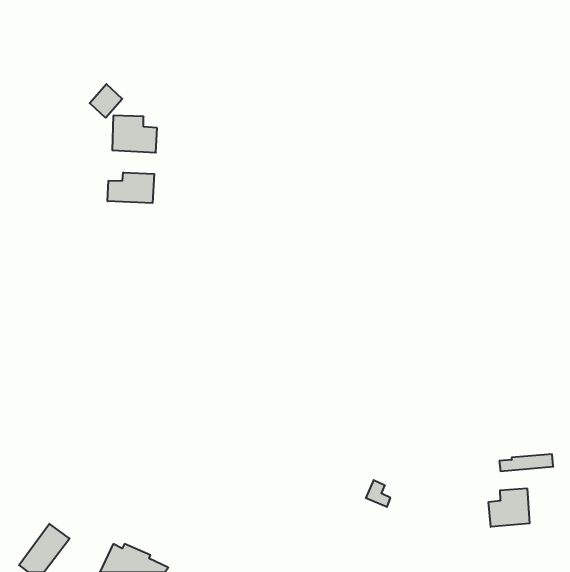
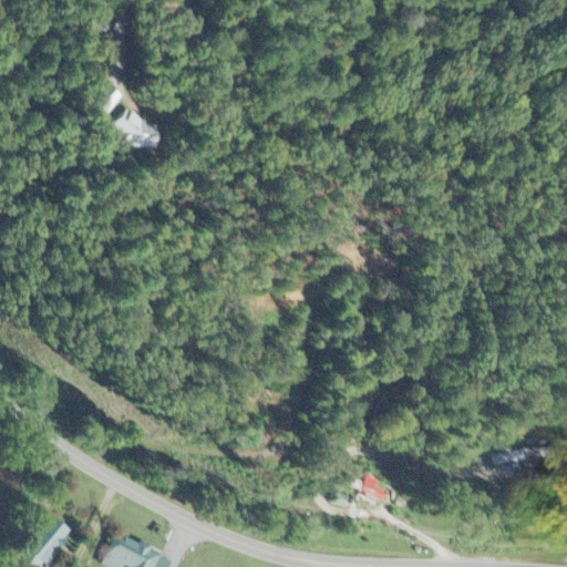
building: [108,172,154,203] -> none
building: [489,488,530,527] -> none

